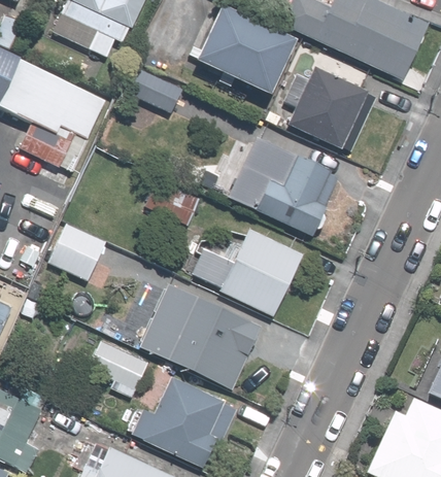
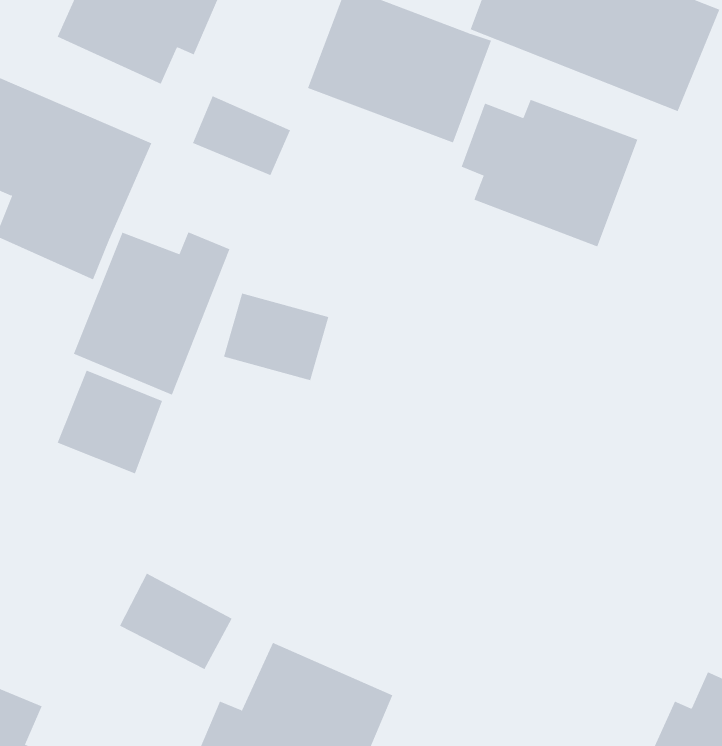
building: [230,138,341,237] -> none
building: none -> [73,231,230,395]
building: [192,228,303,314] -> none
building: [141,280,263,394] -> none

